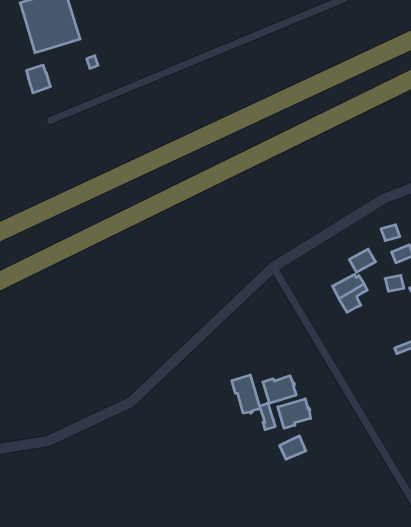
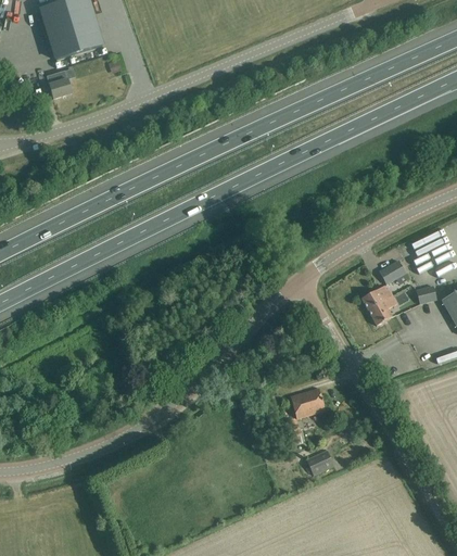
building: [232,375,260,413] -> none
building: [278,399,311,428] -> none

